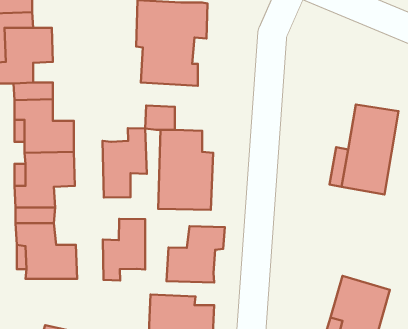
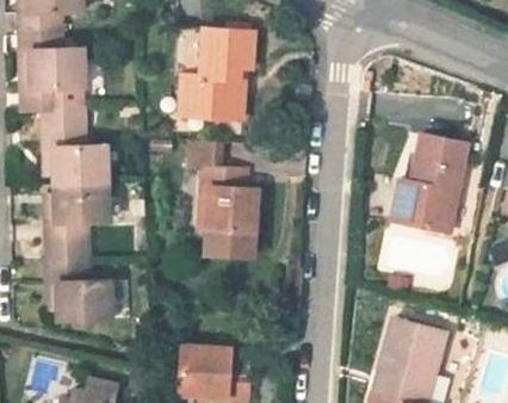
building: [103,128,147,197] -> none
building: [103,219,145,280] -> none
building: [167,226,225,283] -> none

